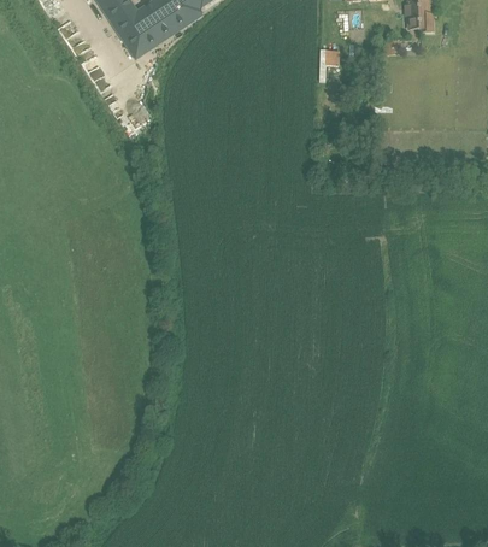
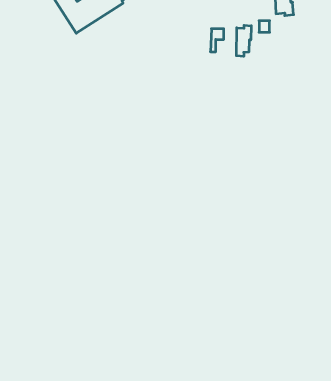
building: none -> [236,25,251,56]

